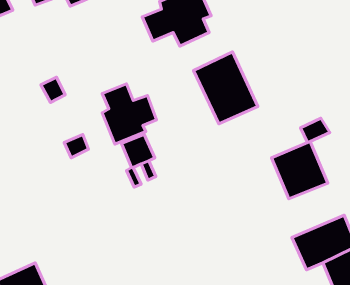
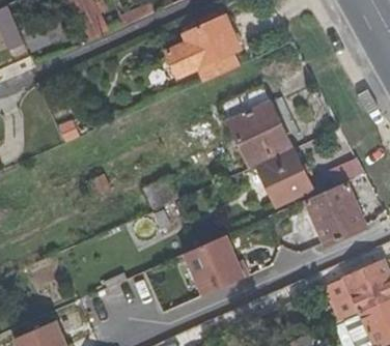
building: [102,84,157,144] -> none
building: none -> [257,152,307,204]
building: none -> [182,235,247,297]

